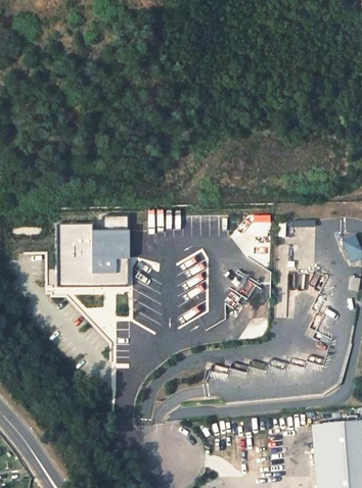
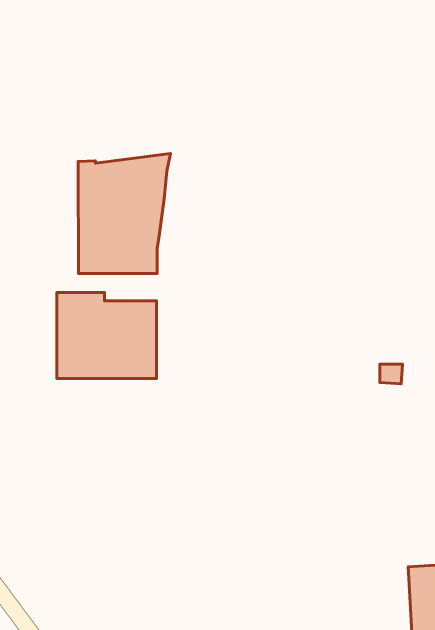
building: none -> [78,153,170,274]

